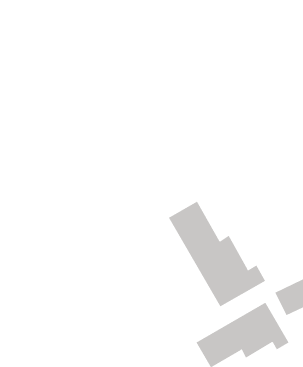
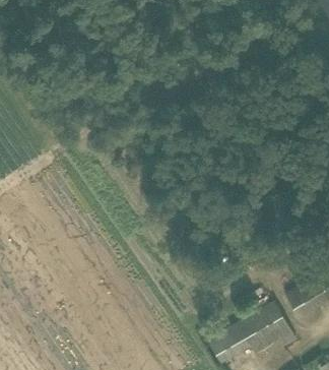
building: [168,201,266,307] -> none

